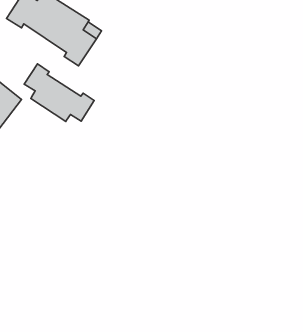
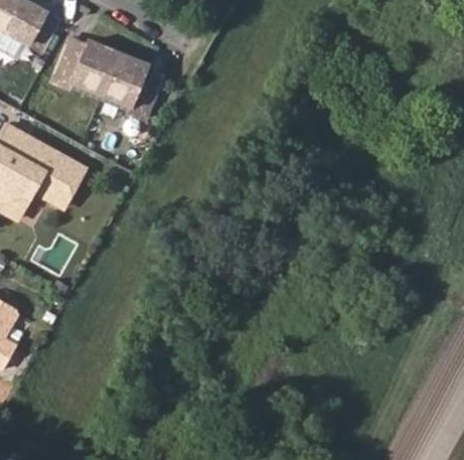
building: [24,64,94,122] -> none

